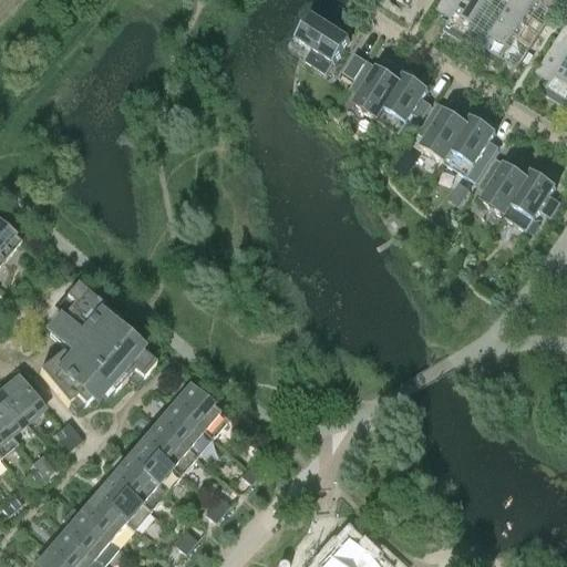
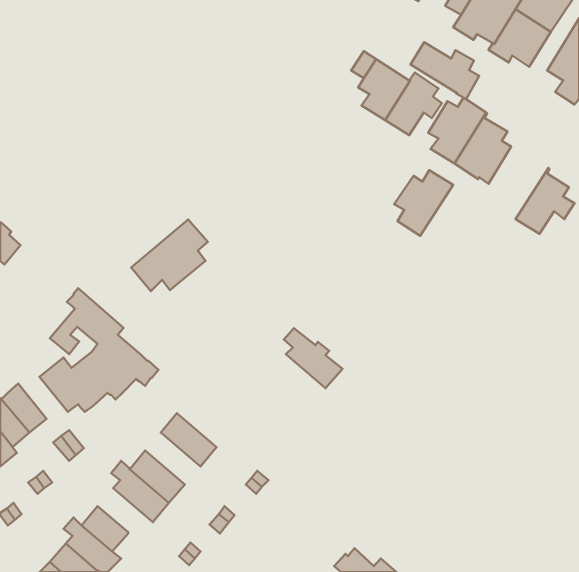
building: [297,12,350,72] -> none
building: none -> [410,42,479,99]
building: [478,150,536,214] -> [394,170,453,236]
building: none -> [131,219,208,291]
building: [171,378,228,436] -> [284,328,343,388]
building: [142,422,196,473] -> none
building: [95,476,150,528] -> none

